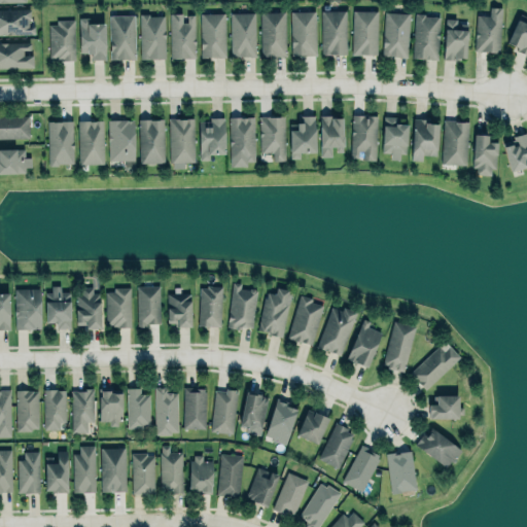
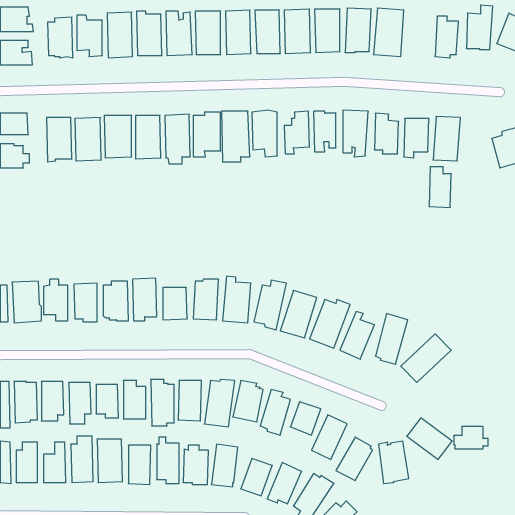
building: [414,15,441,61] -> none
building: [475,136,497,177] -> [429,167,451,207]
building: [430,395,465,418] -> [454,427,488,449]

